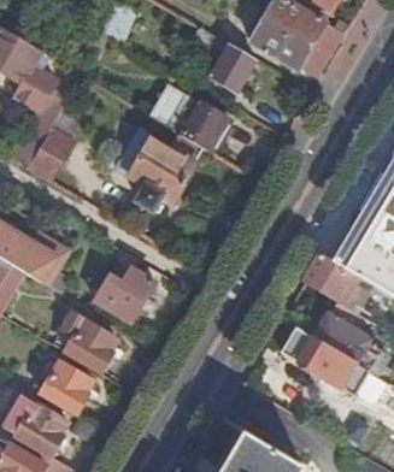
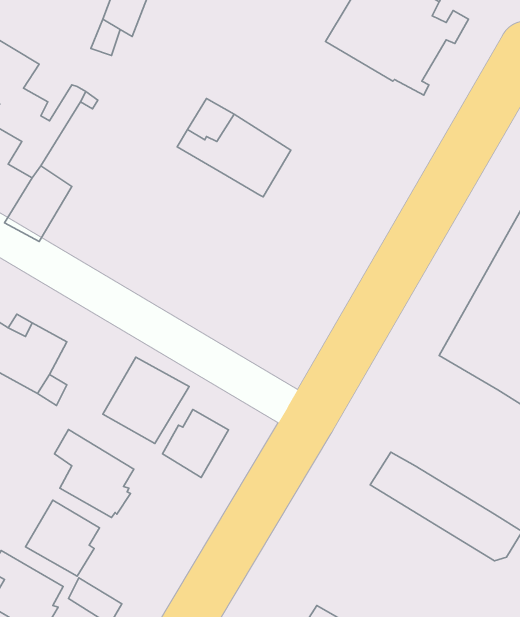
building: [192,25,254,92] -> none
building: [117,130,204,210] -> none
building: [302,253,370,306] -> none
building: none -> [163,409,229,477]
building: [312,313,377,370] -> none

